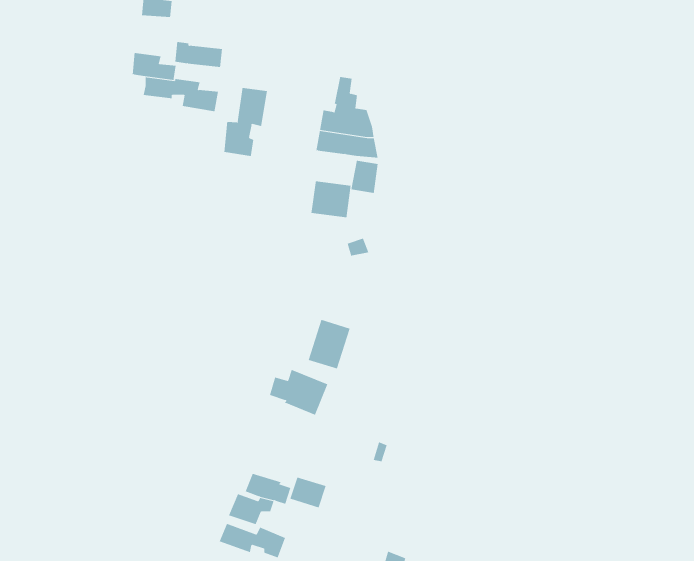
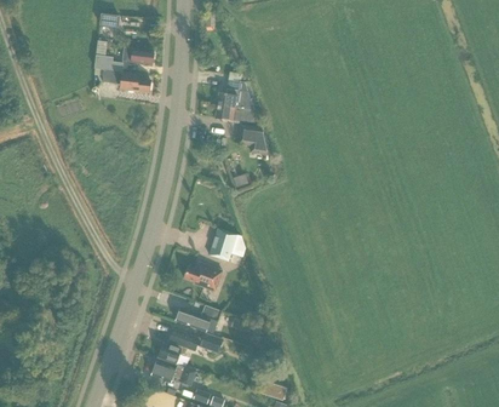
building: [224,87,268,157] -> none
building: [311,180,351,218] -> none
building: none -> [174,304,220,331]

